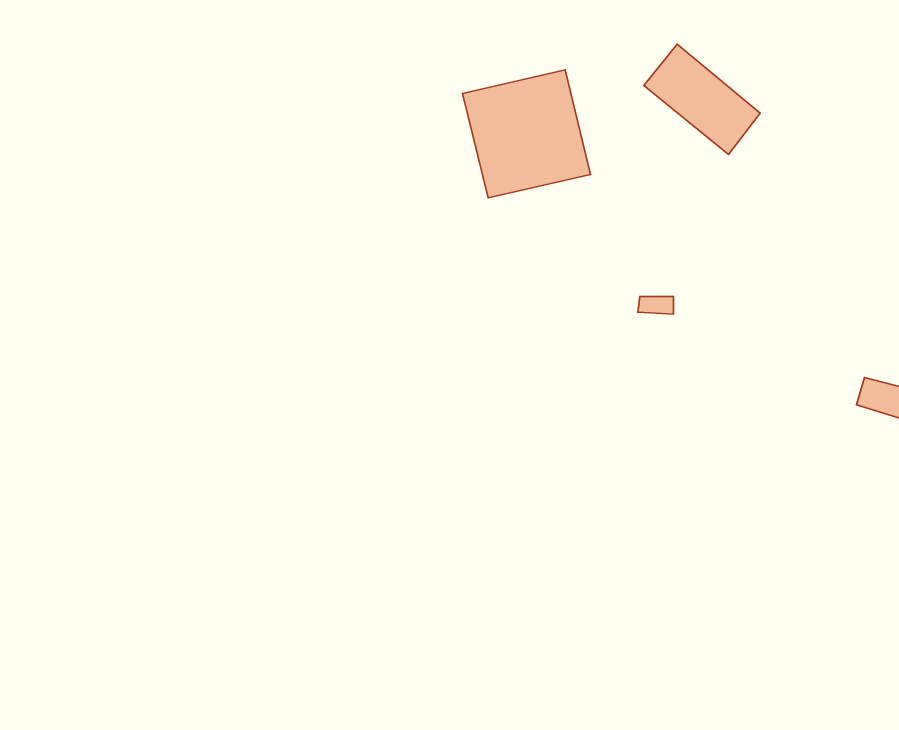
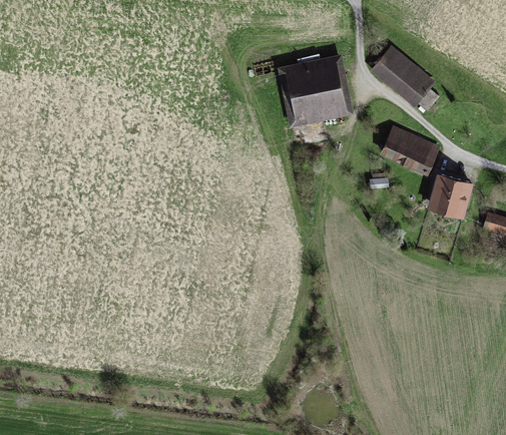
building: none -> [380,125,441,176]
building: none -> [428,172,473,216]

